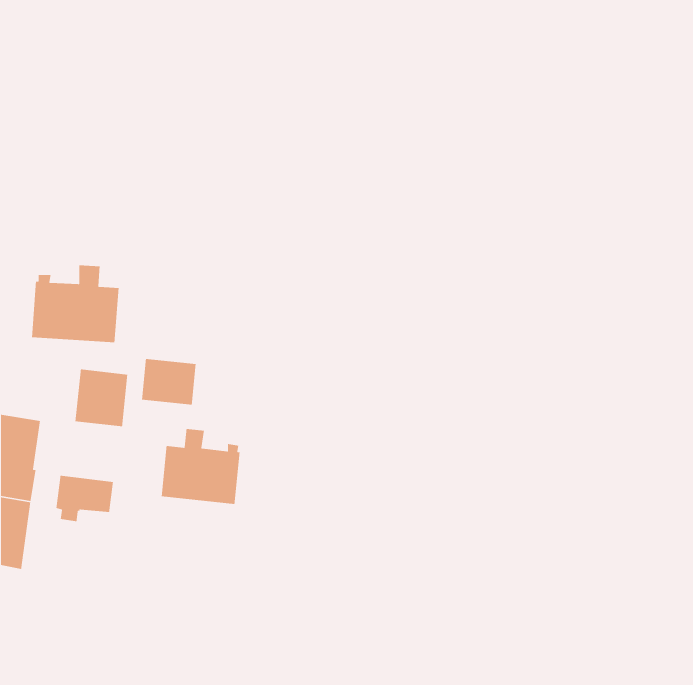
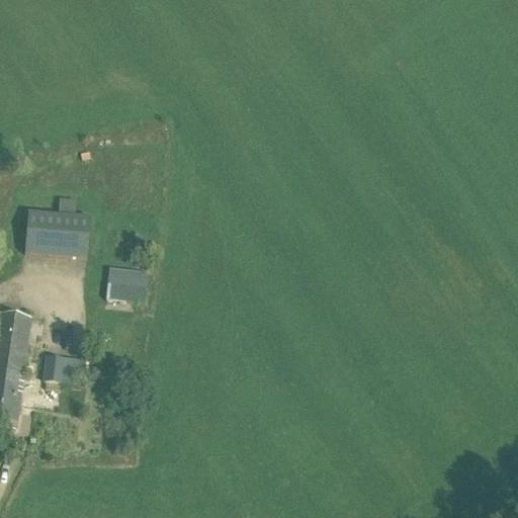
building: [75,369,128,427] -> none
building: [161,428,241,505] -> none

